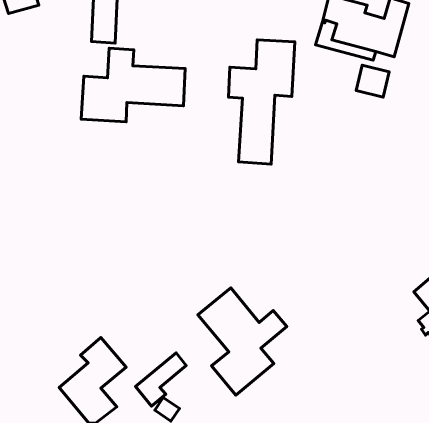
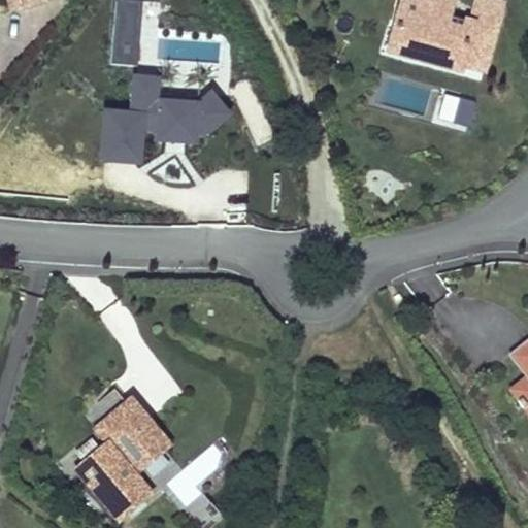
building: [229,40,295,164] -> none
building: [198,288,287,395] -> none

